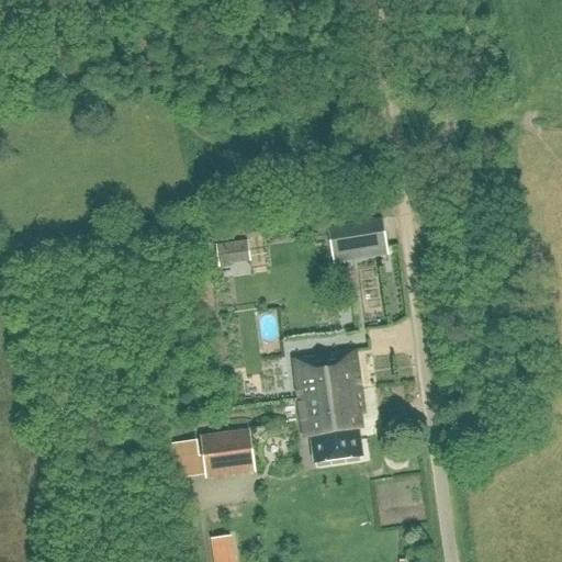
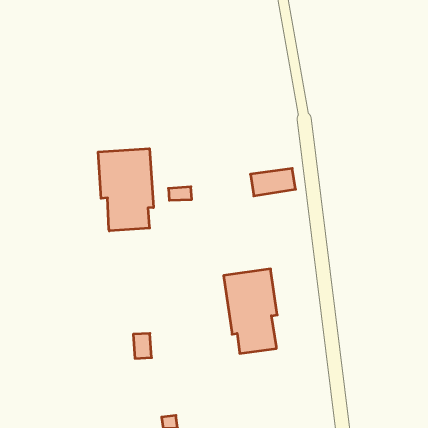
building: none -> [98,149,153,231]
building: [201,432,254,479] -> none

